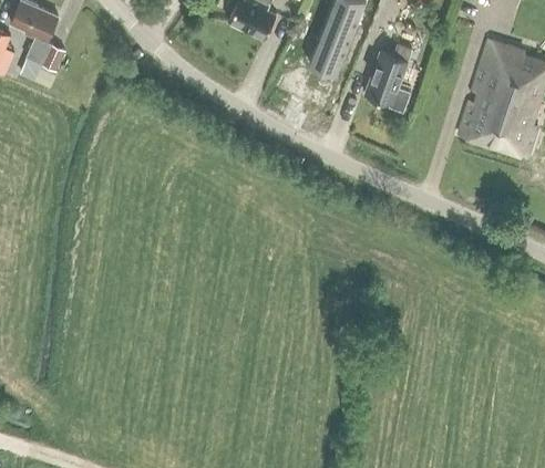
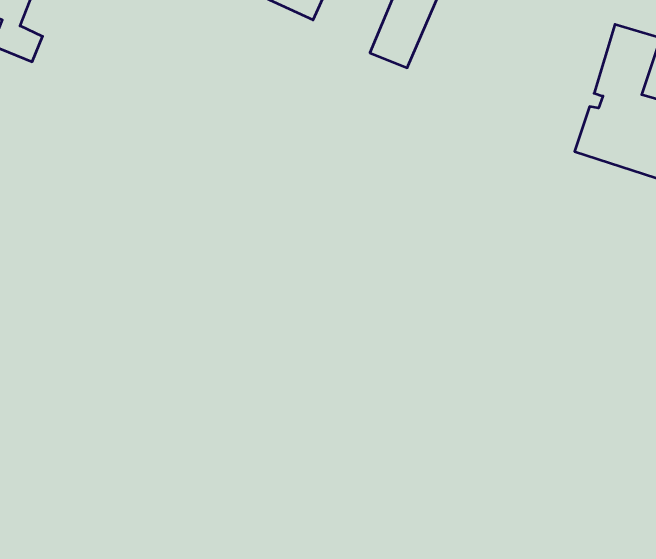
building: [364,43,421,108] -> none

